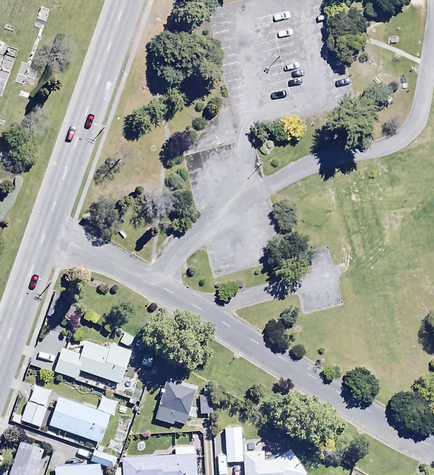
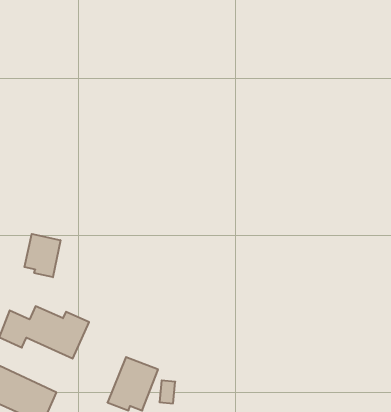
building: none -> [24,234,60,277]

